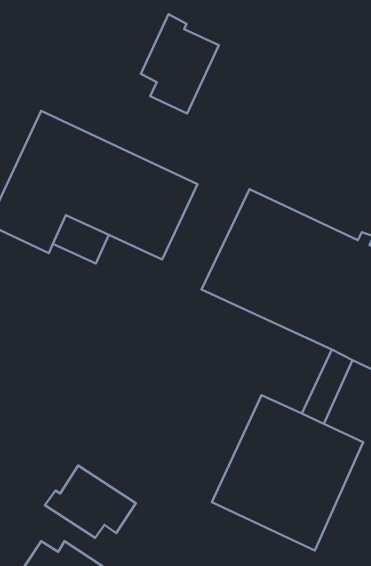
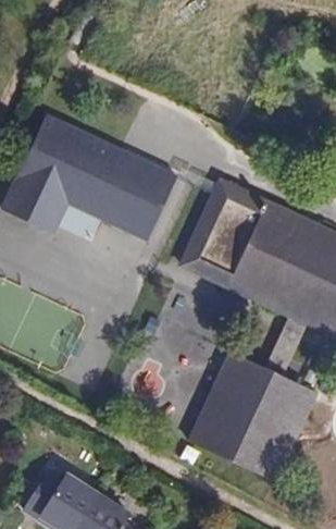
building: [141,14,219,113] -> none
building: [45,465,136,538] -> none

